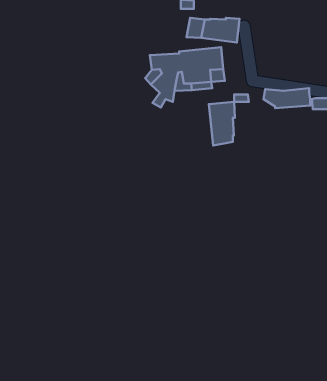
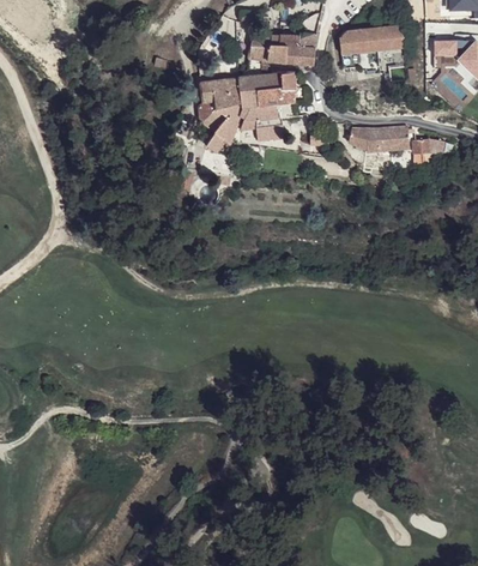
building: none -> [337,24,404,54]
building: [209,102,235,146] -> none

